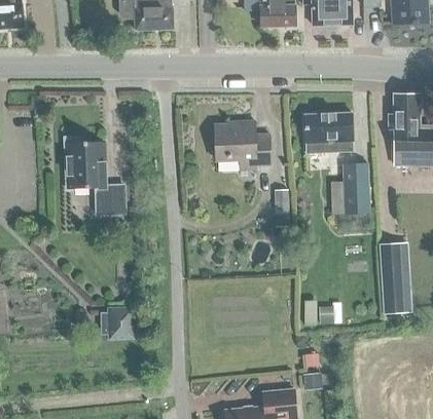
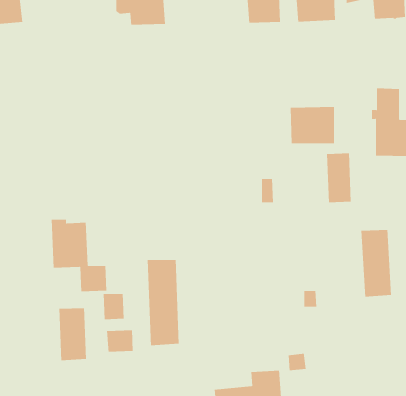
building: [215,121,269,170] -> none
building: [66,138,124,214] -> [51,219,107,292]
building: none -> [147,259,179,346]
building: none -> [59,307,87,361]
building: none -> [107,330,133,352]

